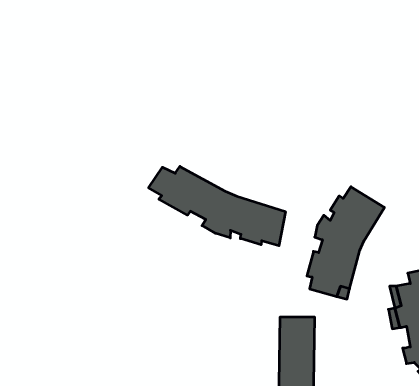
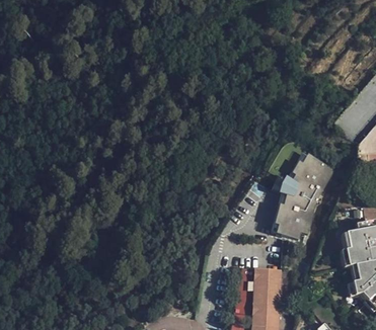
building: [149,166,285,246] -> none

